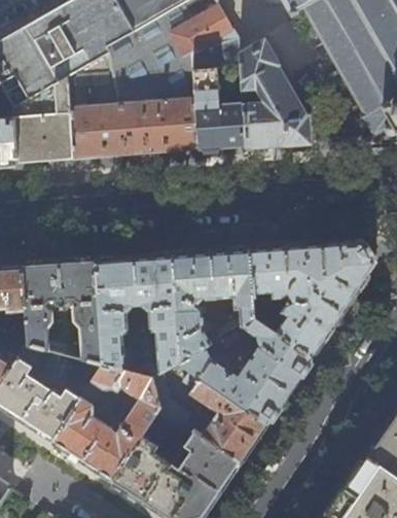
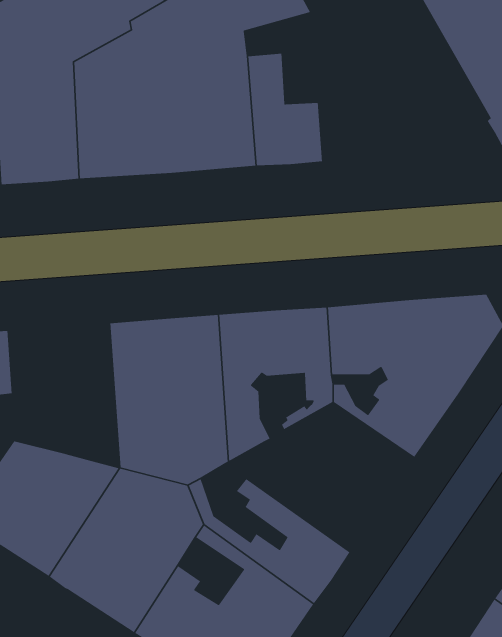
building: [240,41,309,147] -> none
building: [24,262,103,365] -> none
building: [178,318,312,424] -> none

